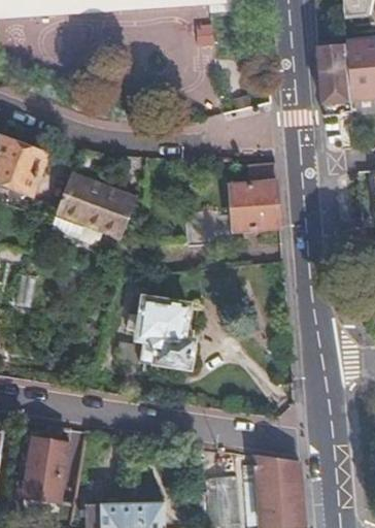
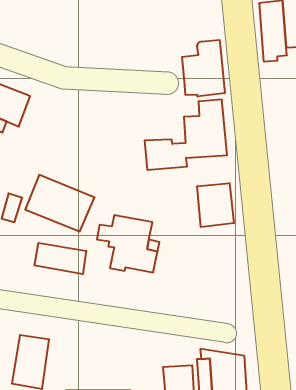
building: none -> [182,40,225,97]
building: [56,171,138,238] -> [25,175,95,231]
building: none -> [197,183,234,227]
building: none -> [34,243,86,274]

